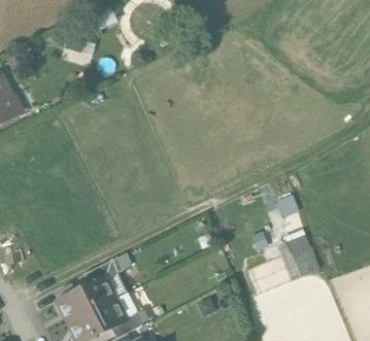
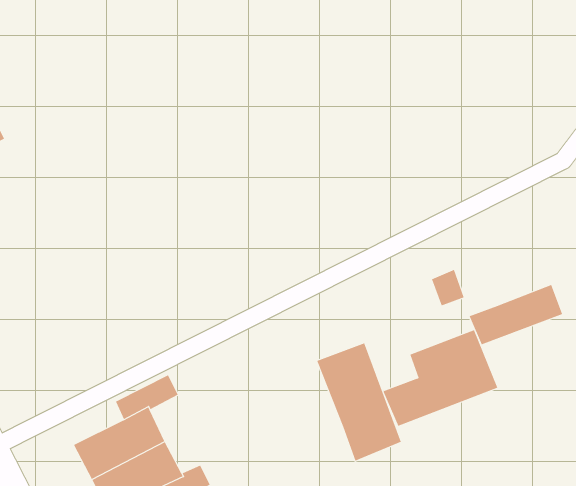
building: none -> [469,284,563,345]
building: none -> [316,343,402,461]

